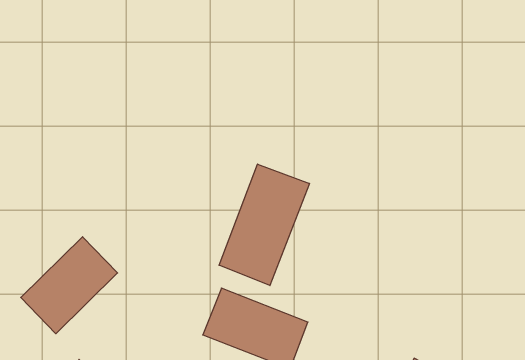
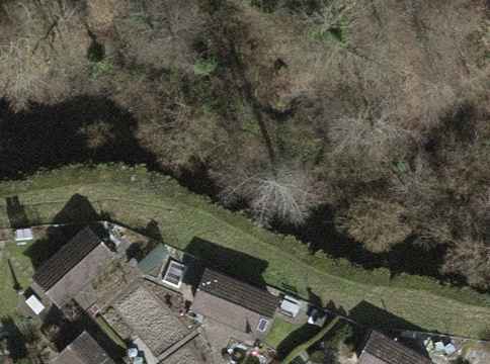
building: [219,164,309,286] -> none

